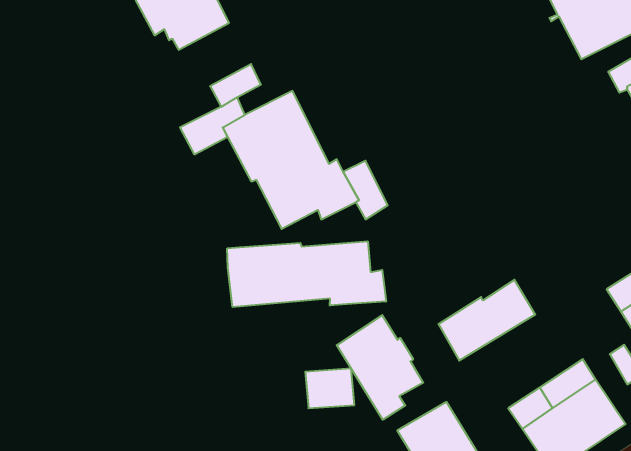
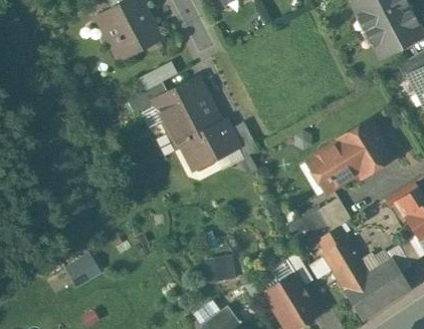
building: none -> [306,122,391,192]
building: [227,241,386,307] -> none
building: [337,315,423,420] -> none
building: none -> [319,240,360,279]
building: none -> [62,251,100,286]

